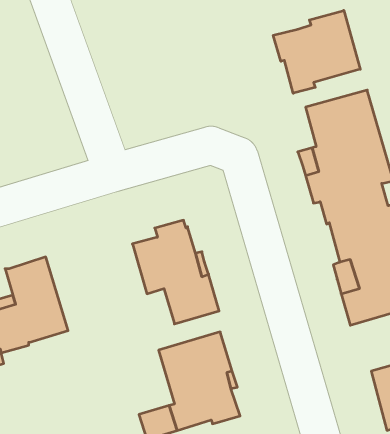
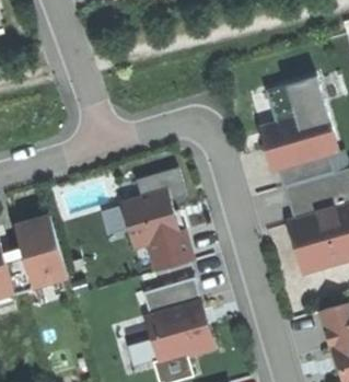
building: [273,10,360,93] -> none

